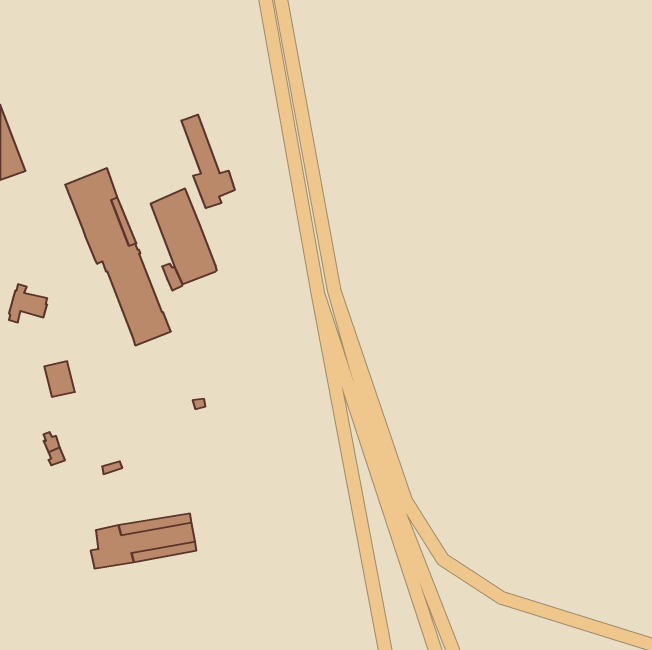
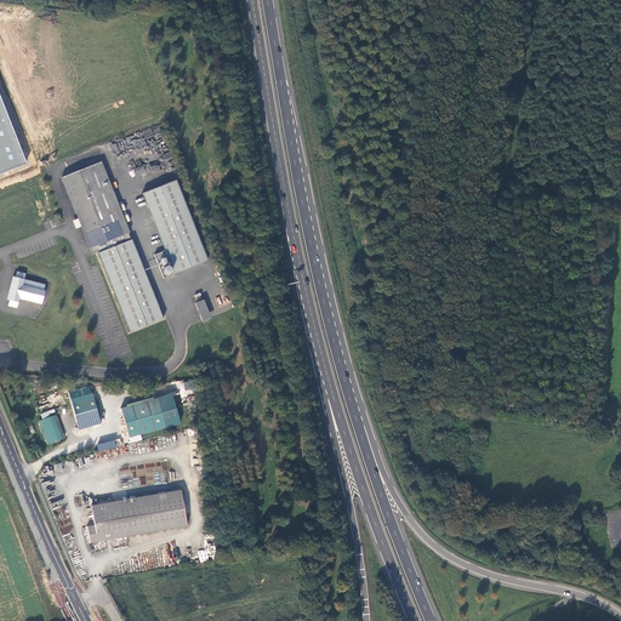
building: [181,115,235,208] -> none
building: [44,361,75,397] -> [72,393,101,427]
building: none -> [121,397,166,437]

